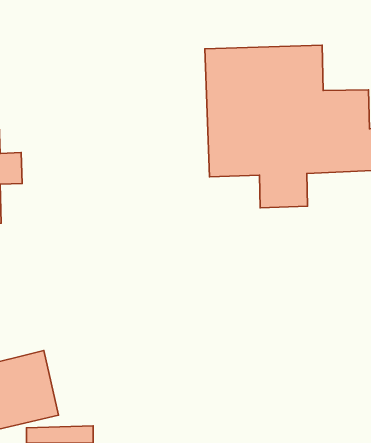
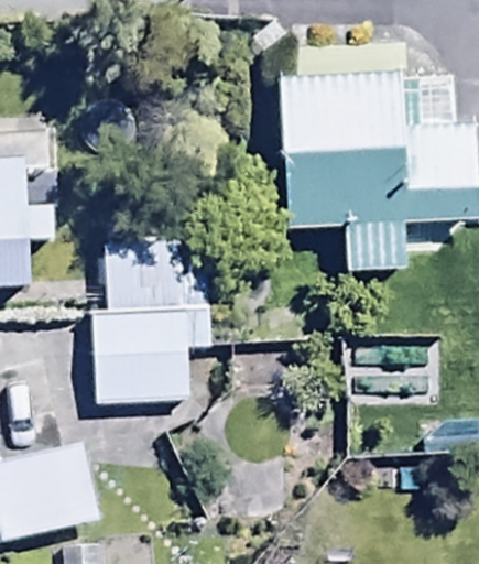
building: none -> [92,242,210,403]

